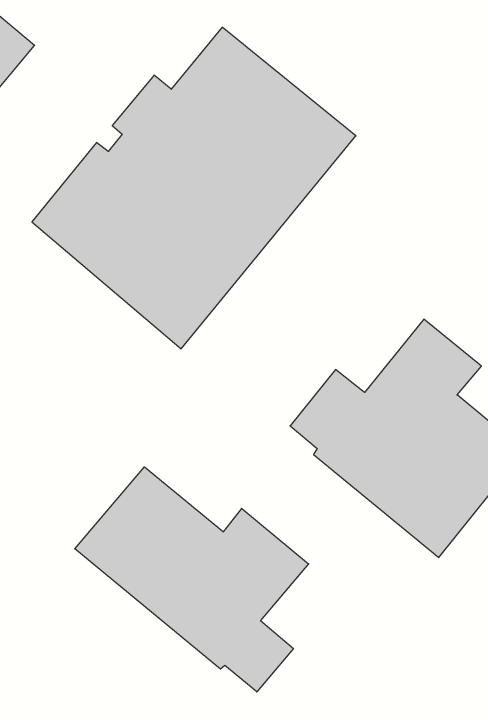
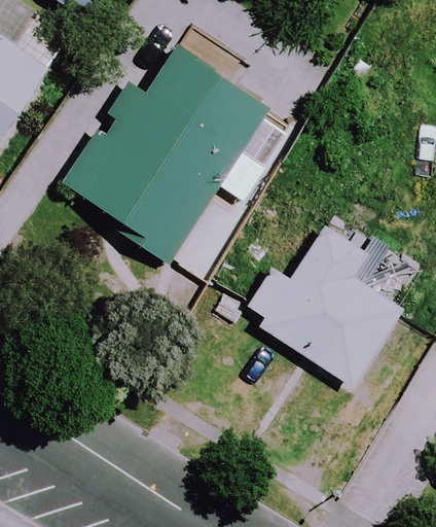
building: [75,467,309,692] -> none

